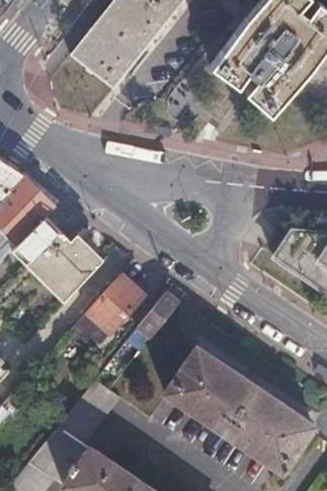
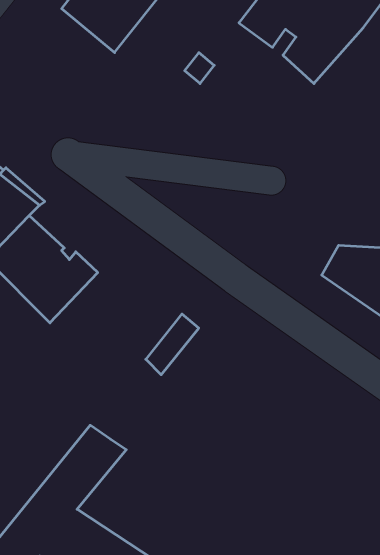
building: [70,274,144,346] -> none
building: [165,347,312,472] -> none

